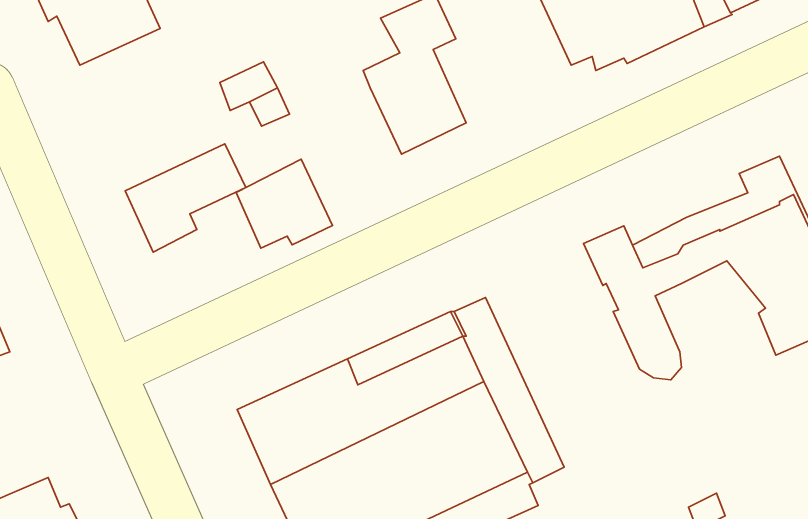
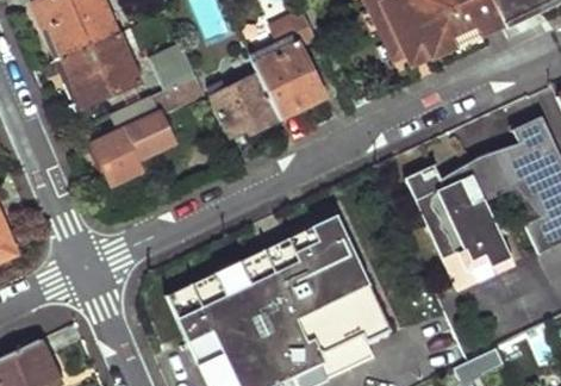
building: none -> [61,31,139,105]
building: [236,159,333,248] -> [214,73,280,133]
building: none -> [442,206,528,292]

